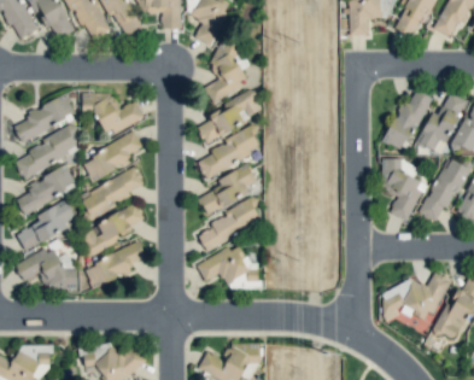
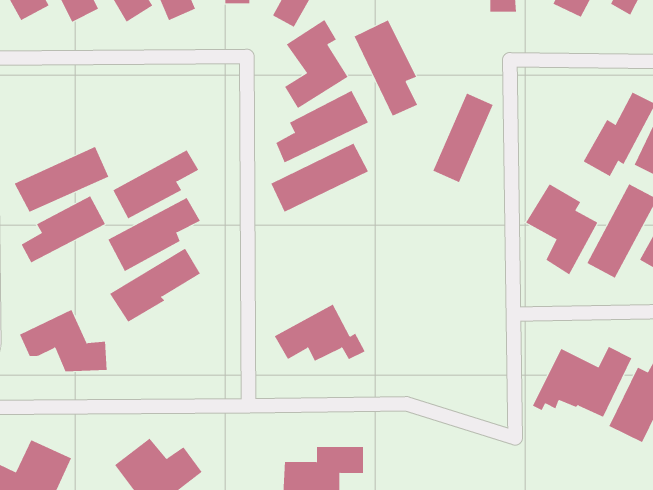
building: none -> [354,19,418,117]
building: [81,87,145,136] -> none
building: [386,88,429,152] -> [432,93,494,183]
building: [13,94,76,142] -> none
building: [198,164,259,214] -> none
building: [198,199,264,250] -> none
building: [17,200,75,251] -> none
building: [84,242,145,288] -> none

